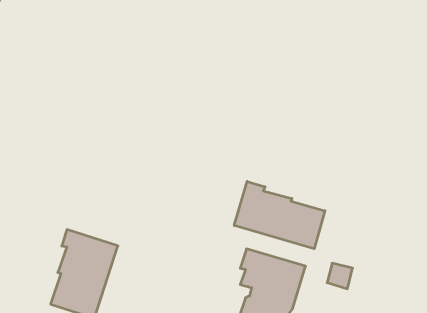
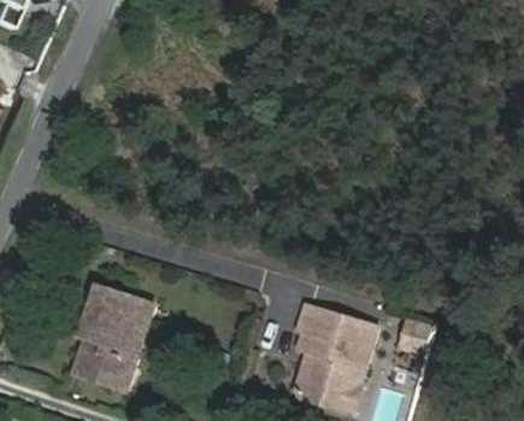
building: [234,181,325,249] -> none

